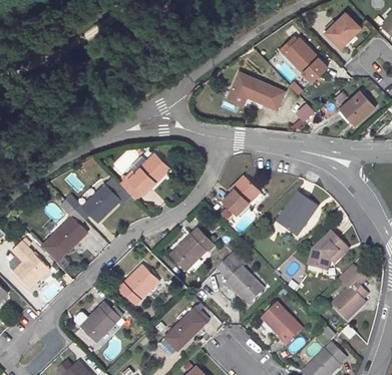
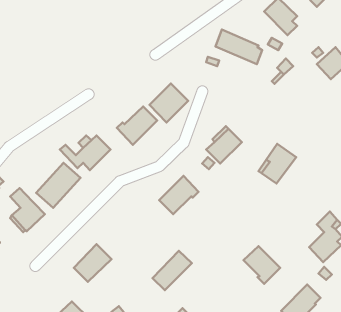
building: none -> [149,83,188,122]
building: [309,232,349,271] -> none
building: [218,259,263,304] -> none
building: [118,264,159,304] -> none

